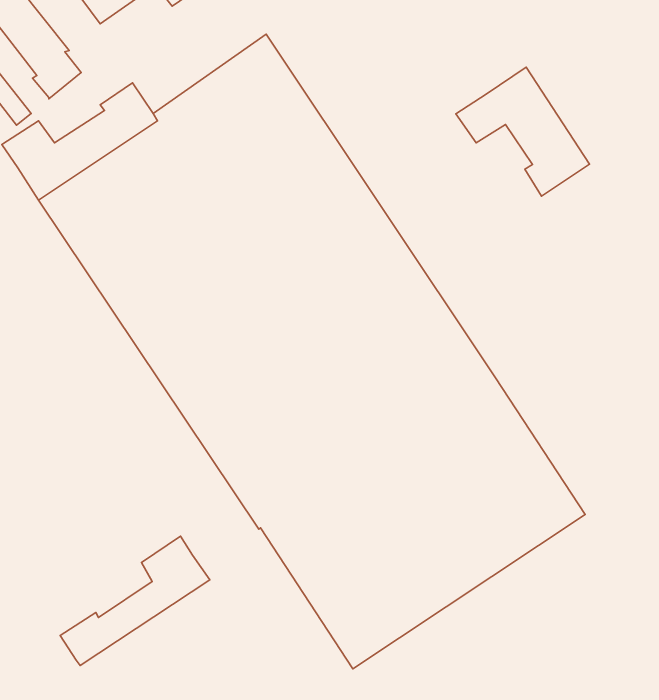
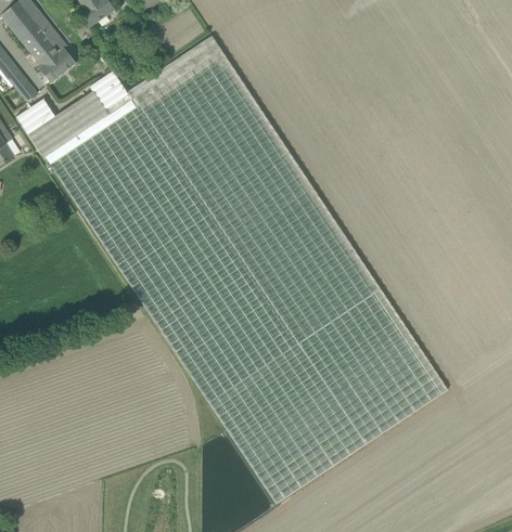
building: [456,67,589,196] -> none
building: [60,536,210,665] -> none

